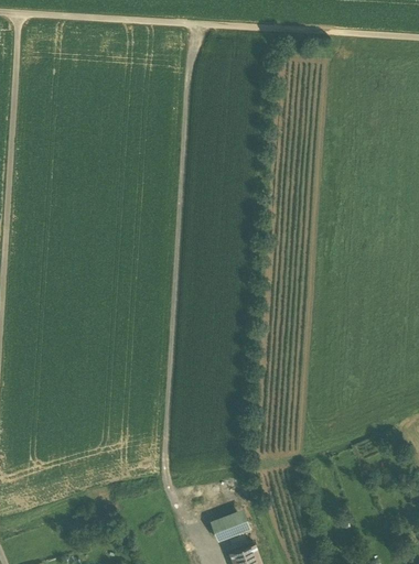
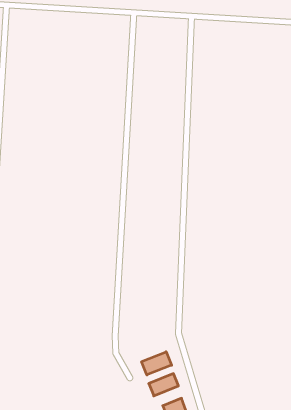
building: none -> [142,352,172,375]

